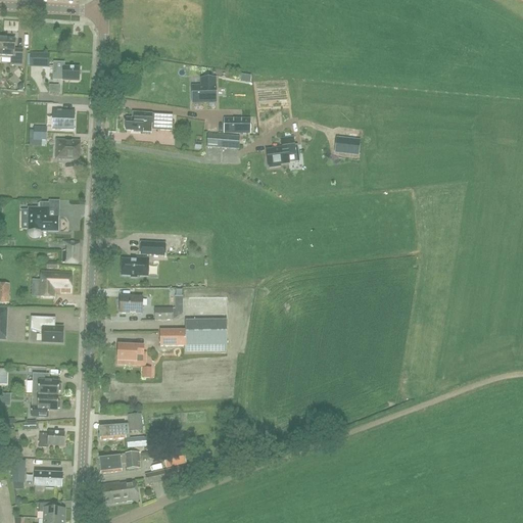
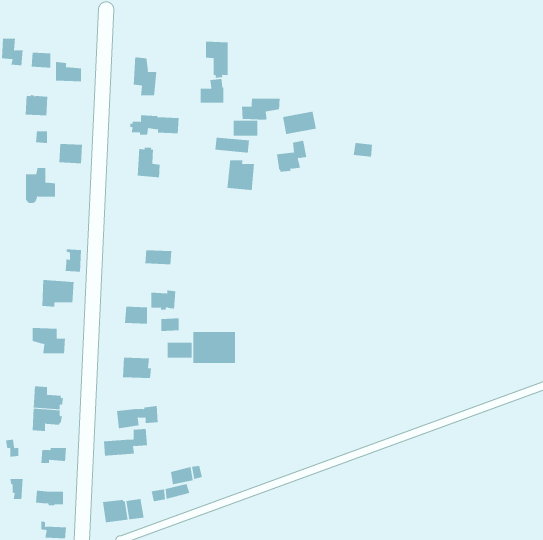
building: none -> [206,41,228,79]
building: none -> [133,57,157,96]
building: none -> [242,98,280,120]
building: none -> [282,111,316,135]
building: [52,107,75,128] -> [25,95,48,116]
building: none -> [137,147,160,178]
building: none -> [227,159,255,191]
building: [29,200,58,235] -> [25,167,56,204]
building: [122,255,146,275] -> [151,290,176,310]
building: [99,449,140,472] -> [116,405,159,429]

